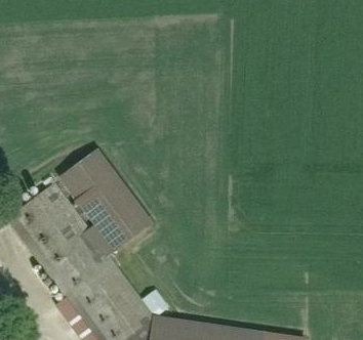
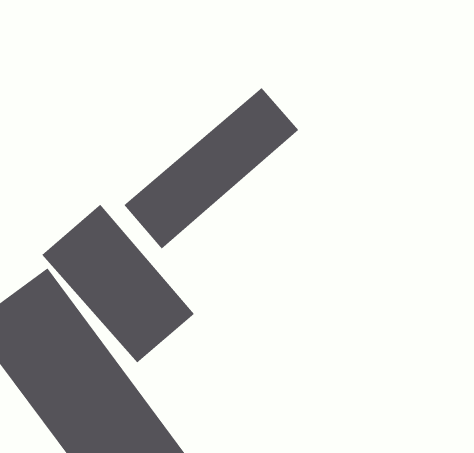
building: none -> [123,87,299,249]

